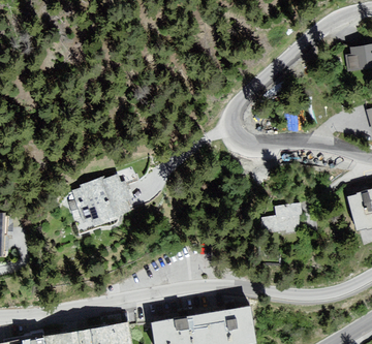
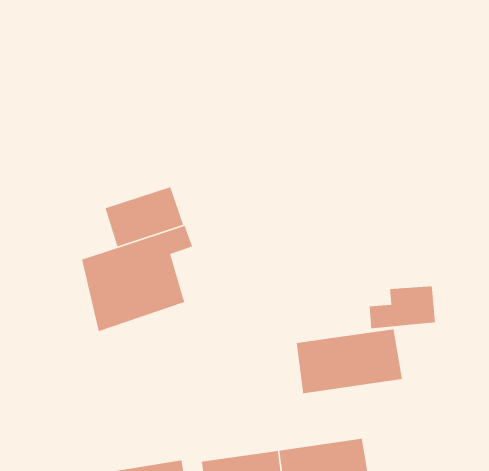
building: none -> [104,186,184,247]
building: none -> [296,329,403,394]

